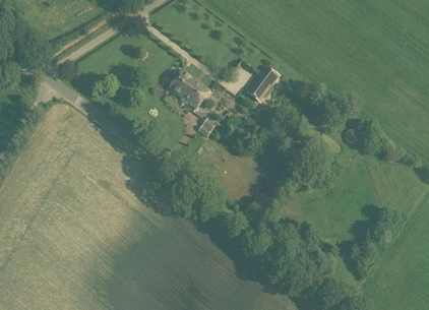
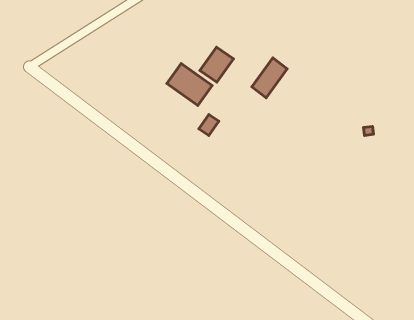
building: none -> [200,47,234,82]

